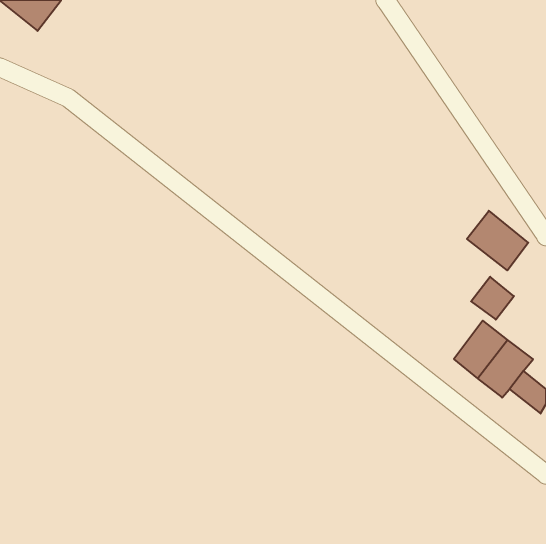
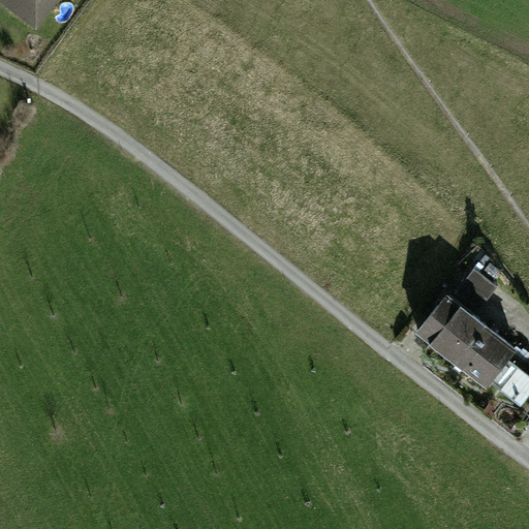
building: [467,211,528,270] -> none
building: none -> [416,295,466,349]

